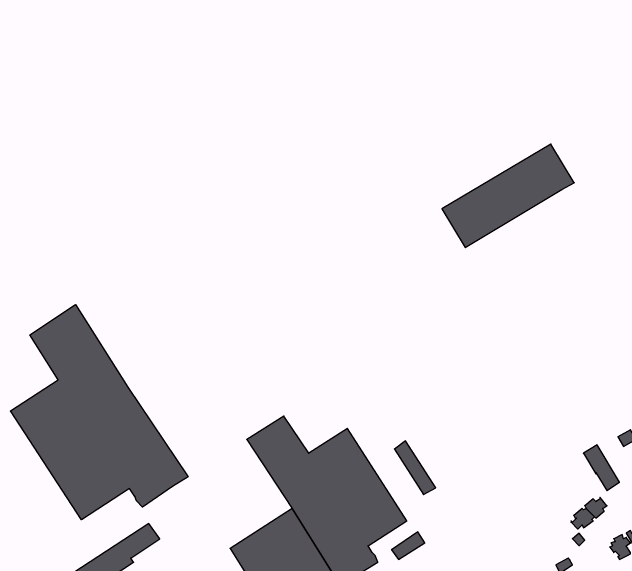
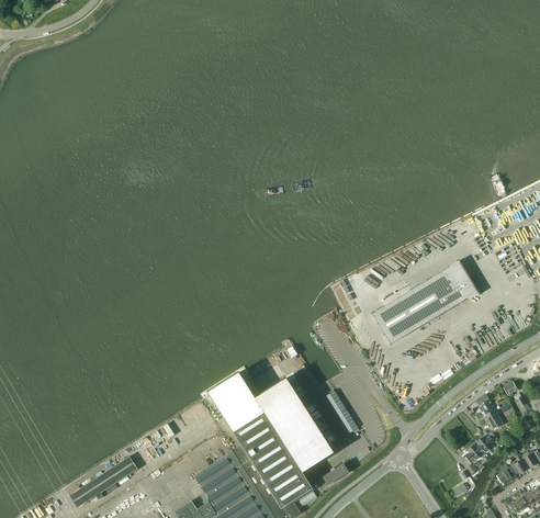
building: [442,144,574,248] -> [372,262,477,345]
building: [10,305,188,520] -> none

